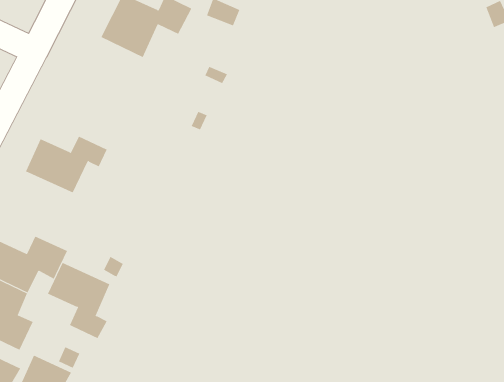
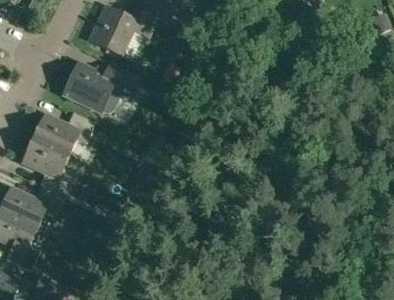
building: none -> [64,62,137,111]
building: [47,262,110,339] -> [22,137,69,194]

